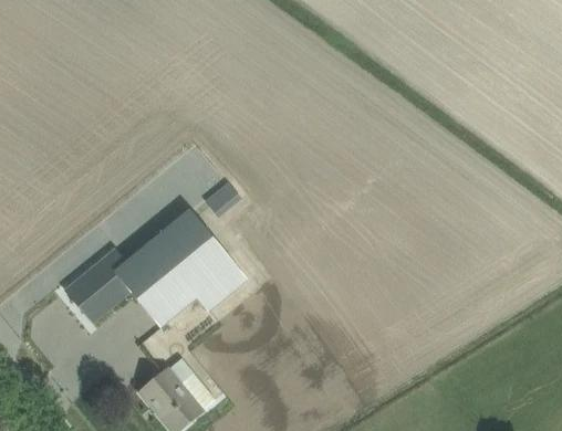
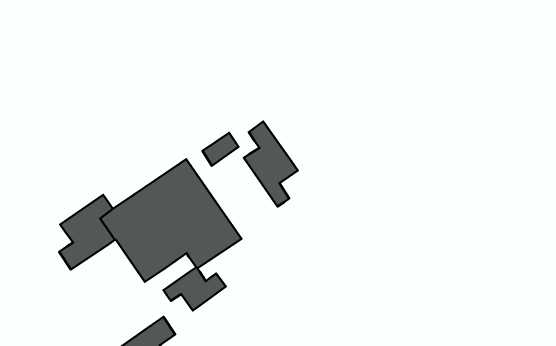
building: none -> [244,121,298,207]
building: none -> [164,267,226,311]

